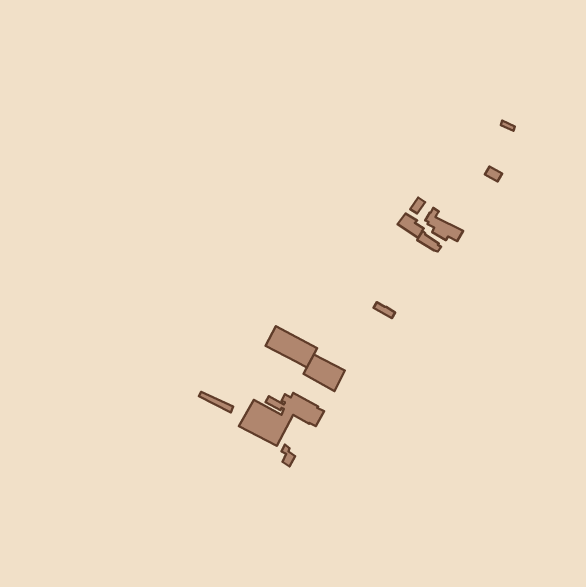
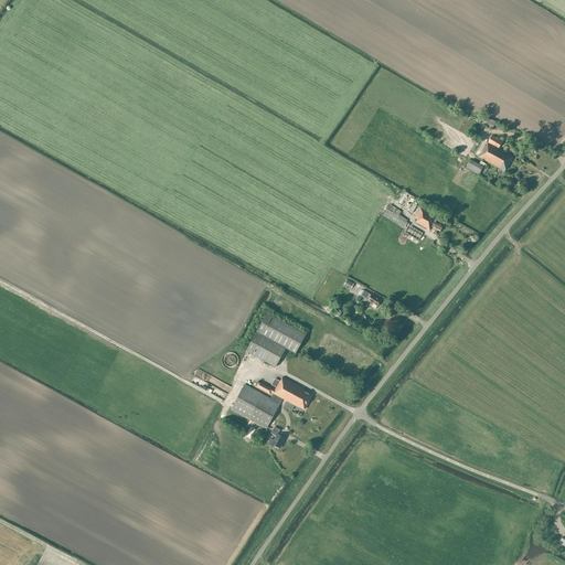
building: none -> [477,136,512,171]
building: [303,354,345,391] -> [245,332,285,367]

